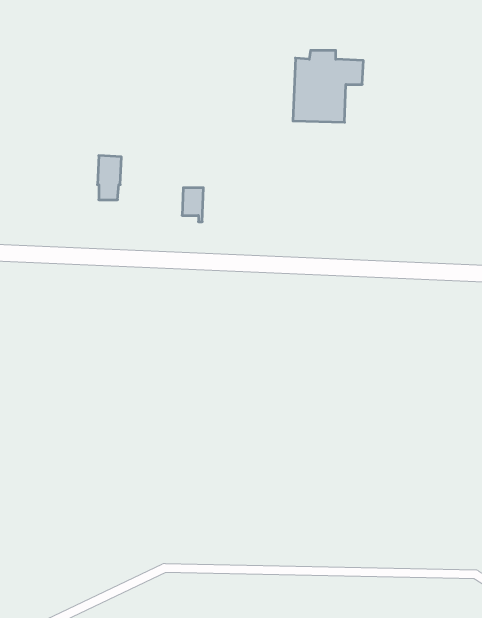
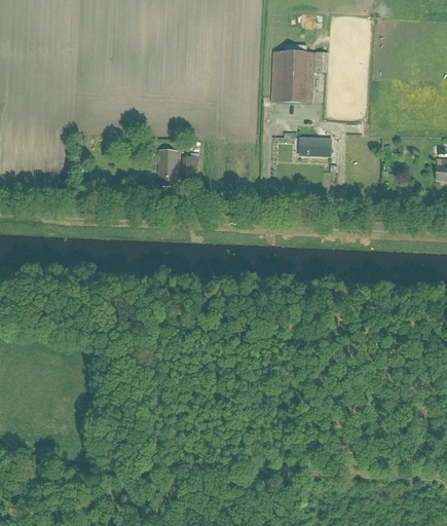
building: [97,156,121,200] -> [156,148,176,184]
building: none -> [298,137,330,155]

